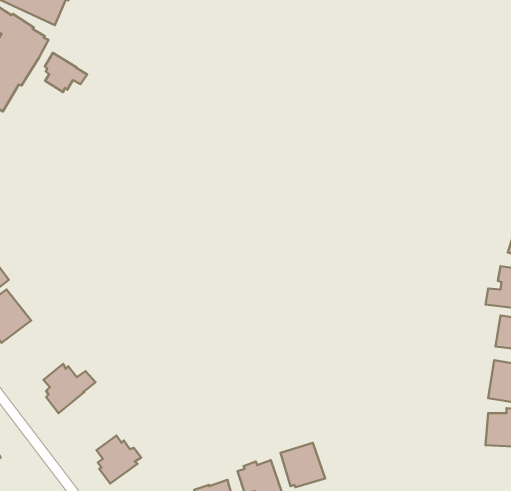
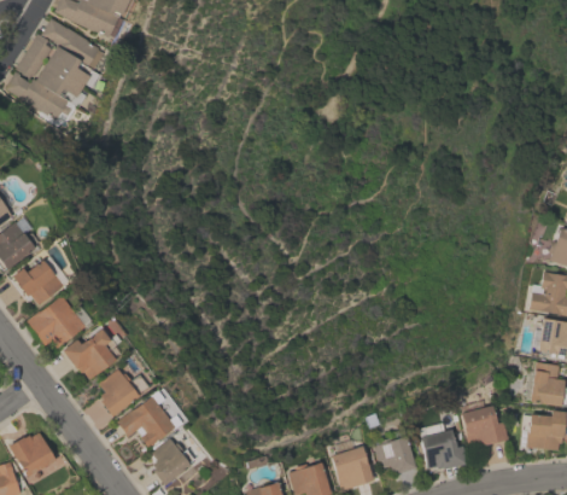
building: [45,53,87,92] -> none
building: none -> [62,325,119,380]
building: none -> [116,390,181,448]
building: none -> [460,406,508,449]
building: none -> [420,430,466,468]
building: none -> [373,436,415,476]

